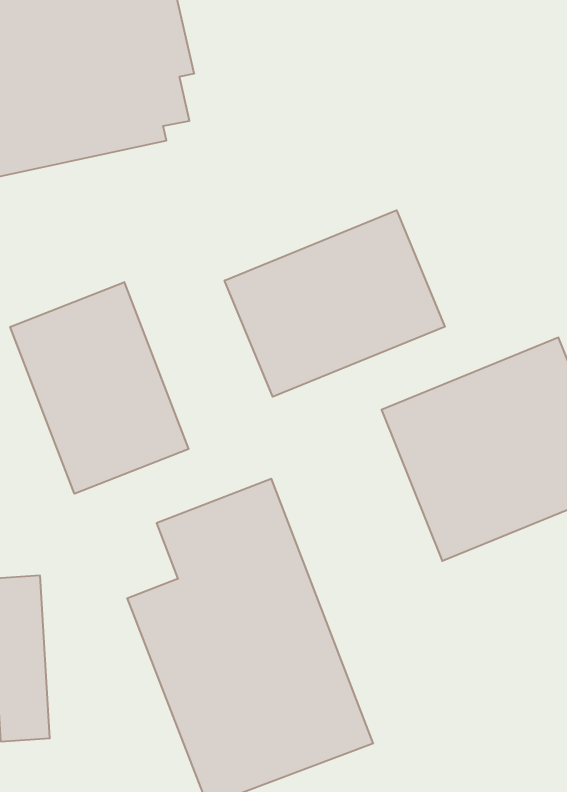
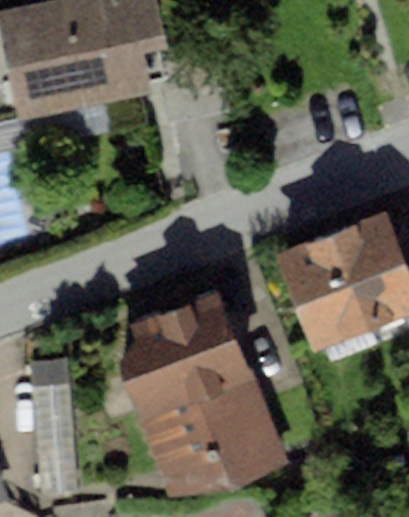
building: [225,210,445,397] -> none
building: [10,282,189,494] -> none

